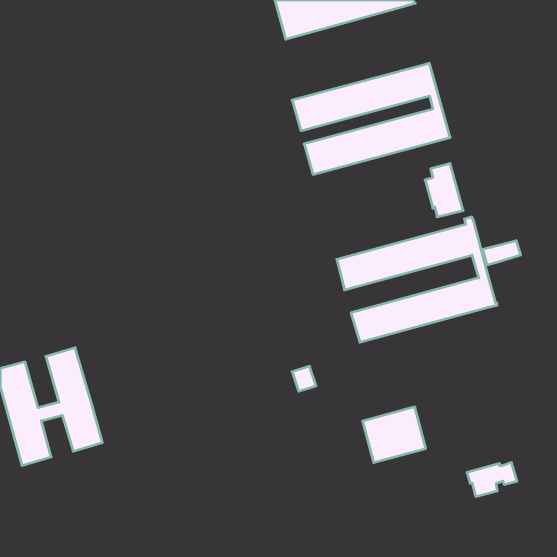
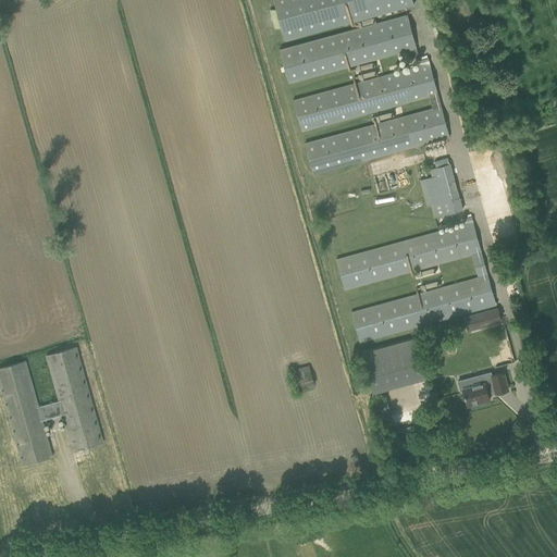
building: none -> [280,14,420,83]
building: [483,241,521,265] -> [463,308,502,332]
building: [363,407,426,463] -> [362,338,425,394]
building: [467,463,517,496] -> [458,372,508,406]

